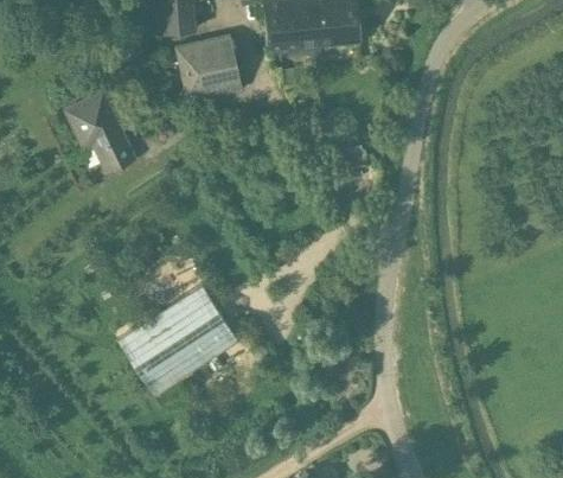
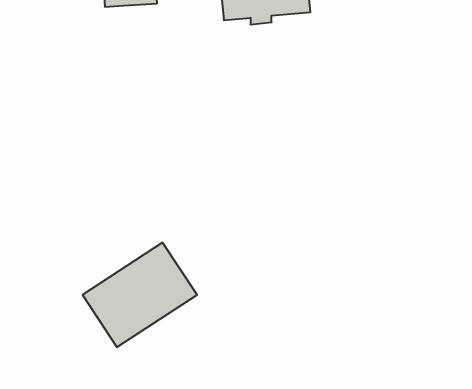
building: [180,37,242,100] -> none
building: [65,93,135,173] -> none

